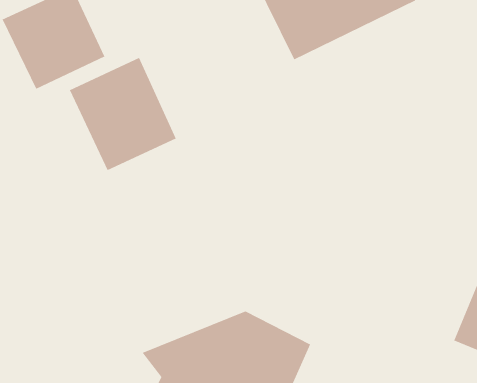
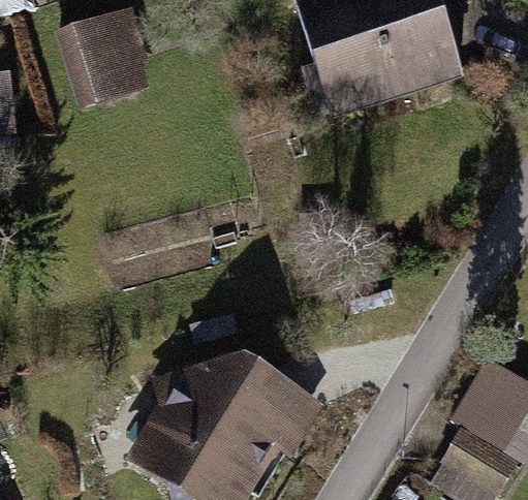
building: [69,57,177,171] -> none

